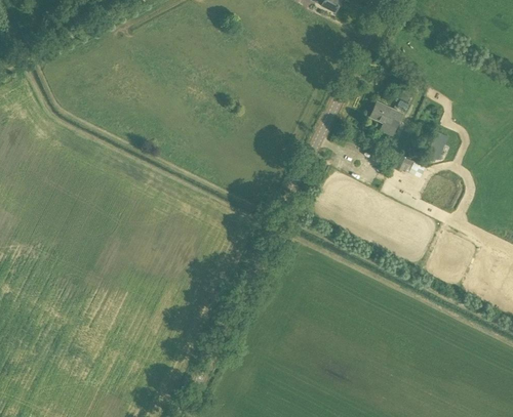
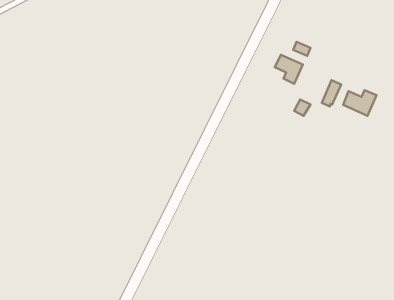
building: none -> [343,90,377,116]

